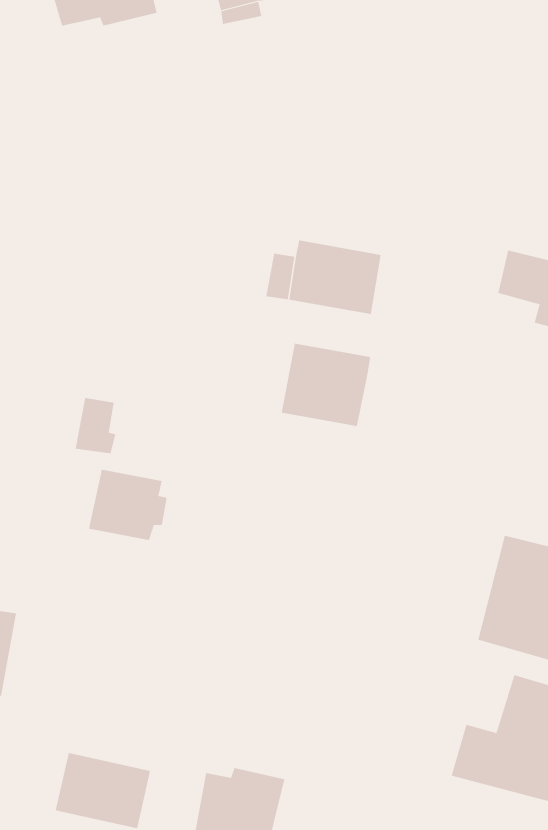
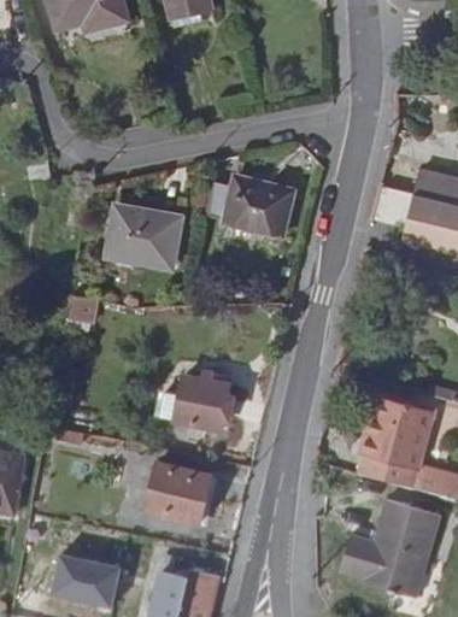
building: none -> [122,213,178,269]
building: [281,343,371,427] -> none
building: [88,469,168,540] -> [175,375,233,427]
building: none -> [143,464,209,524]

